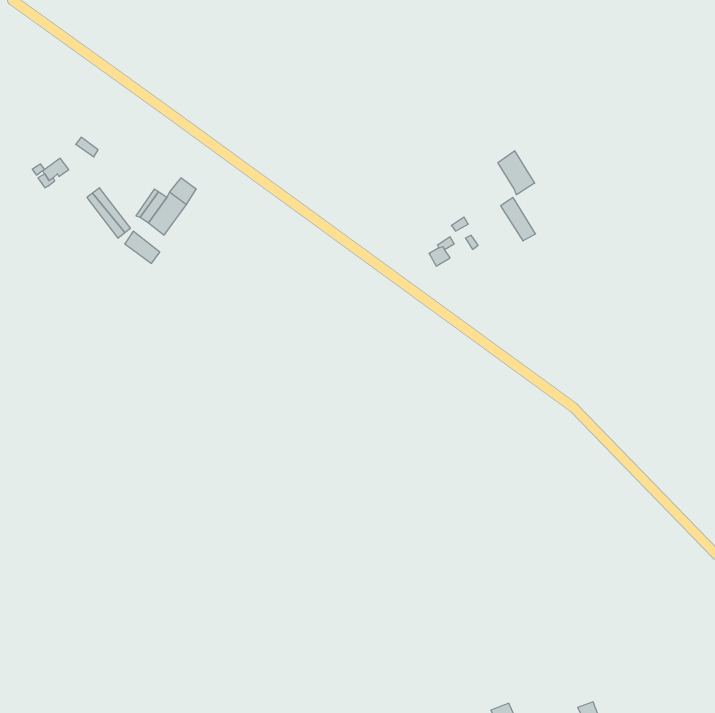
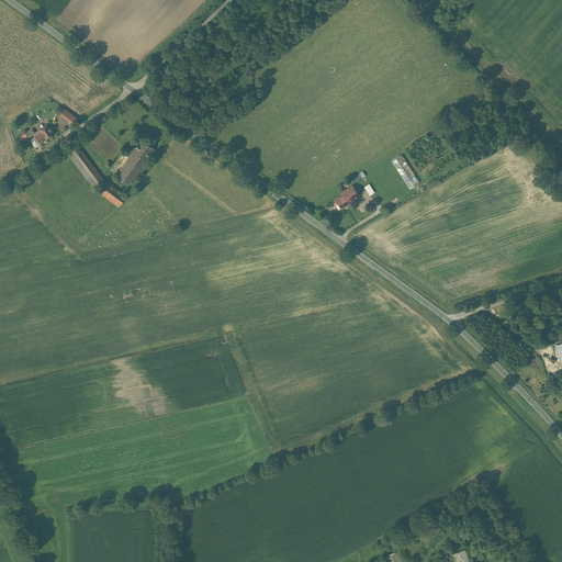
building: [498,151,535,195] -> none

